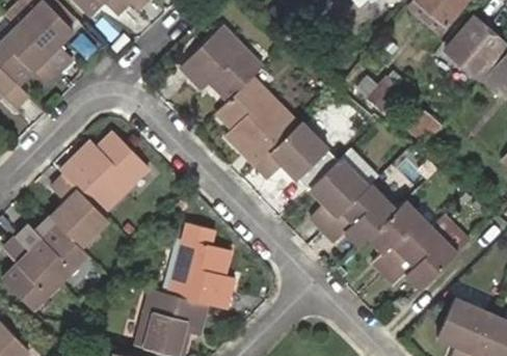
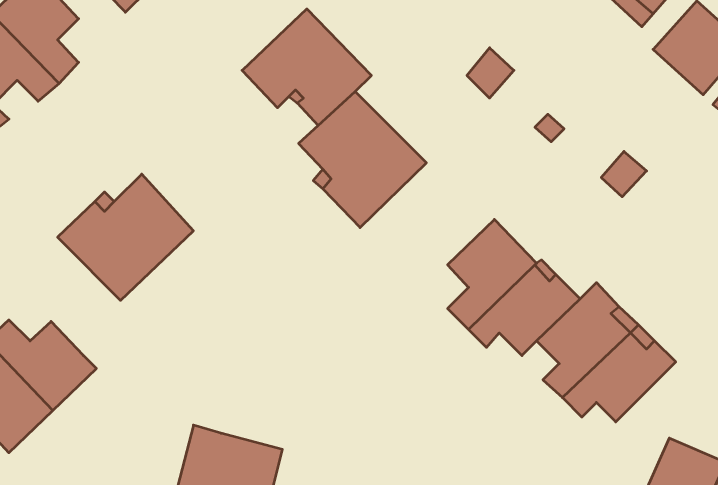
building: [257,120,327,177] -> none
building: [50,173,108,246] -> none
building: [167,225,233,311] -> none

